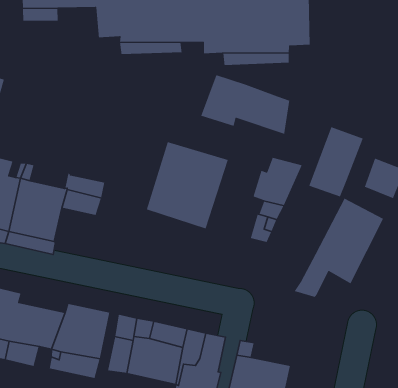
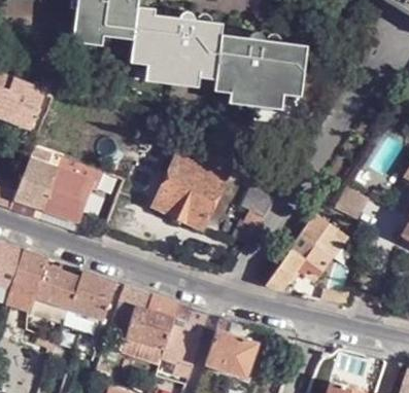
building: [200,74,290,135] -> none
building: [308,126,364,197] -> none

